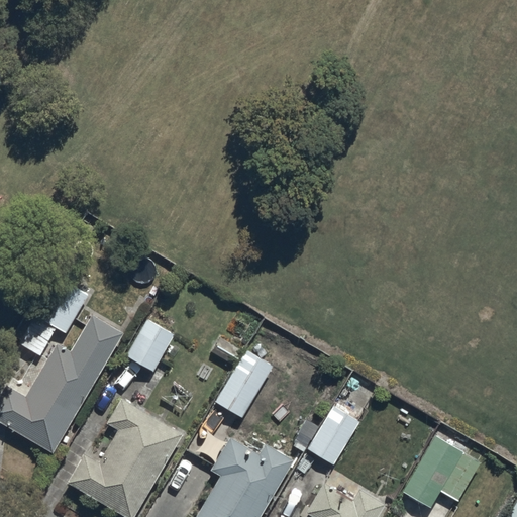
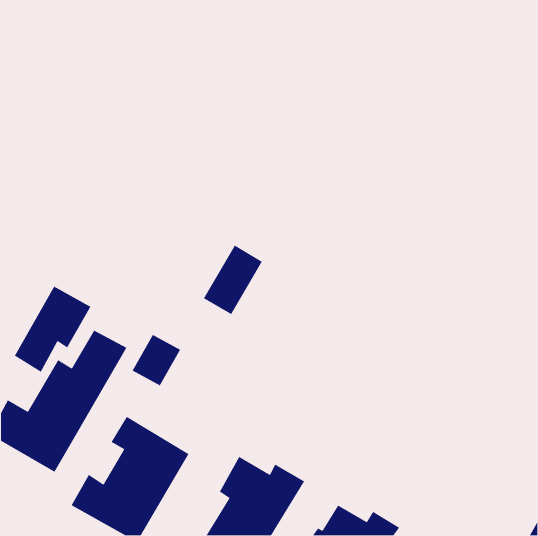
building: [214,350,272,418] -> [203,245,263,315]
building: [306,406,358,464] -> none
building: [404,437,480,507] -> none

